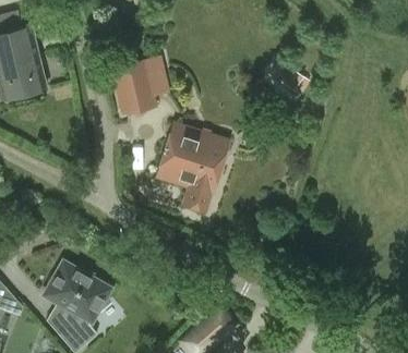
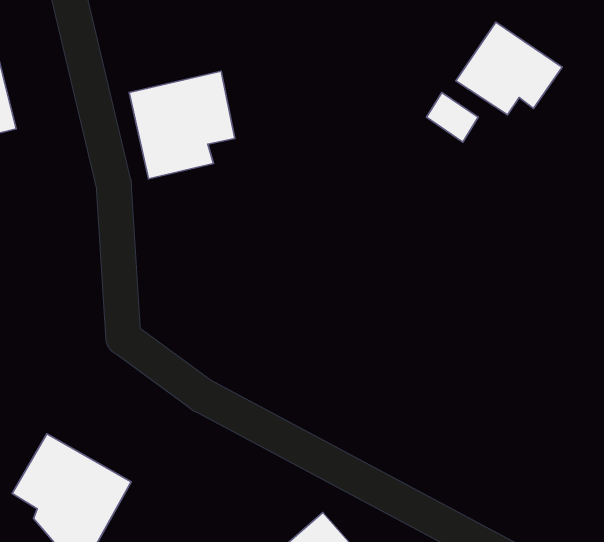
building: none -> [456,22,562,115]
building: [157,124,227,210] -> none

